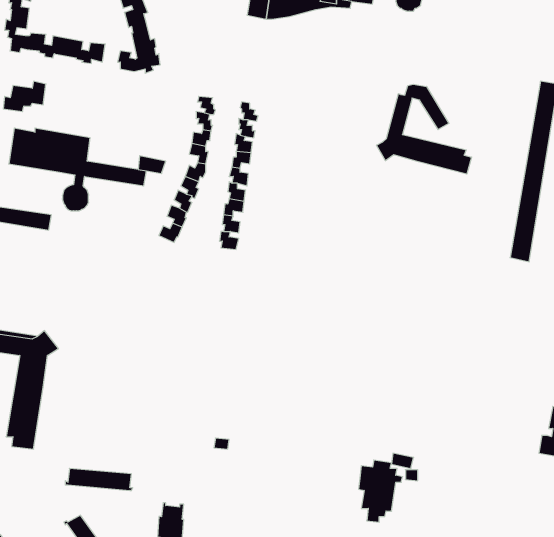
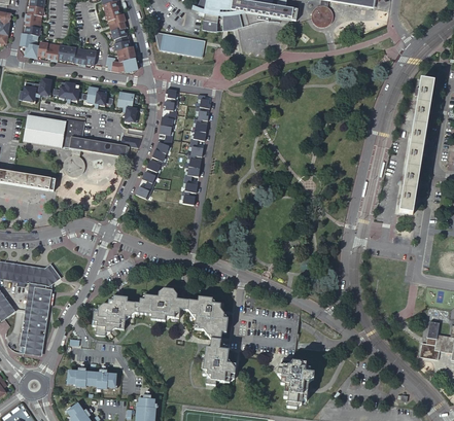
building: none -> [160,33,205,58]
building: [377,84,472,174] -> none
building: none -> [54,81,113,104]
building: none -> [117,91,139,120]
building: none -> [92,287,237,385]

